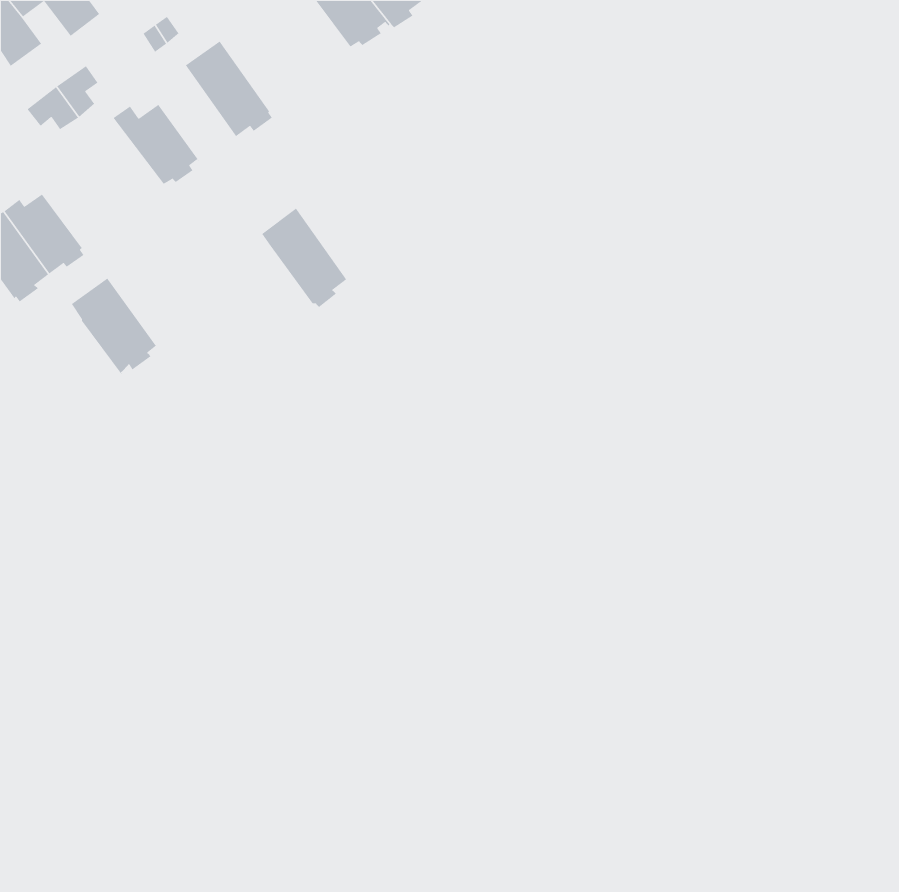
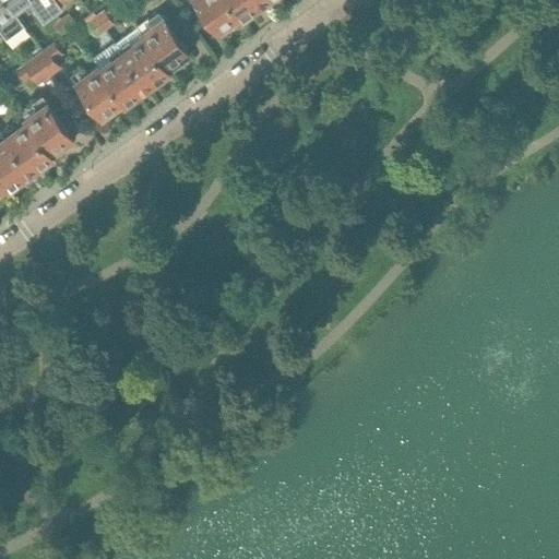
building: none -> [136,13,189,74]
building: [261,208,347,308] -> [93,45,146,107]
building: [71,277,157,376] -> [20,97,73,158]

